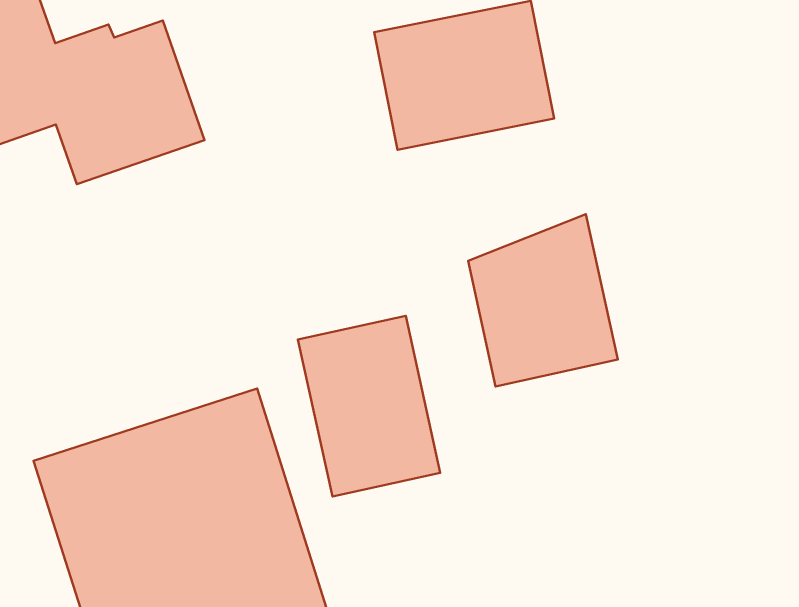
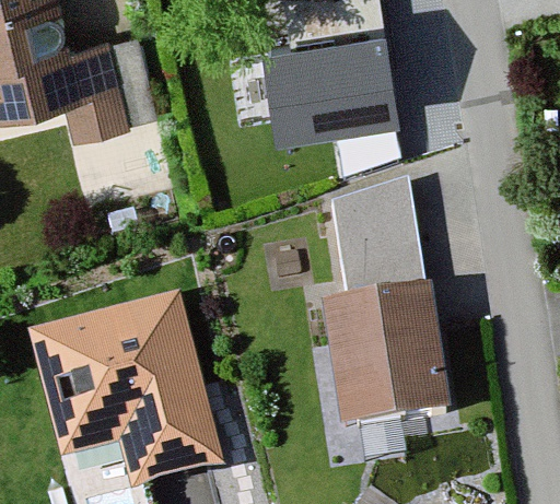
building: [298,316,440,497] -> none
building: none -> [314,298,442,435]

